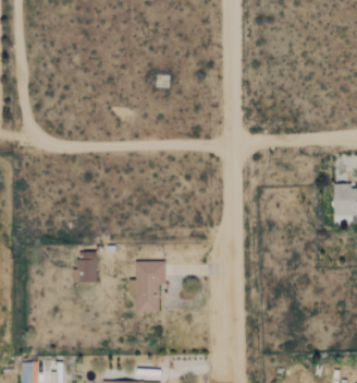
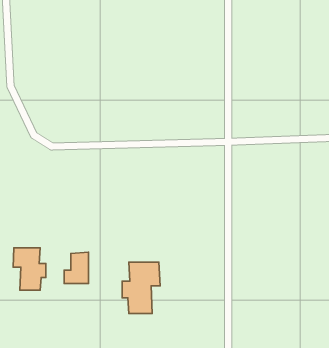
building: none -> [13,248,46,290]

